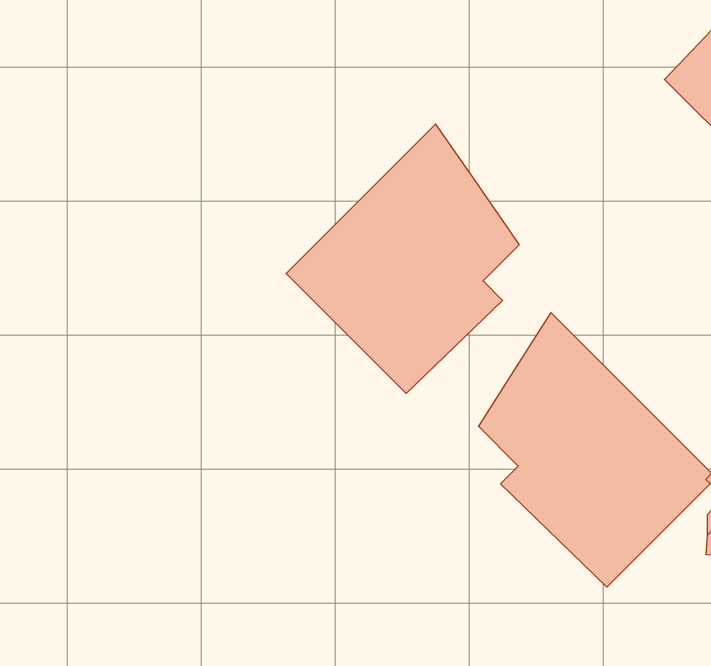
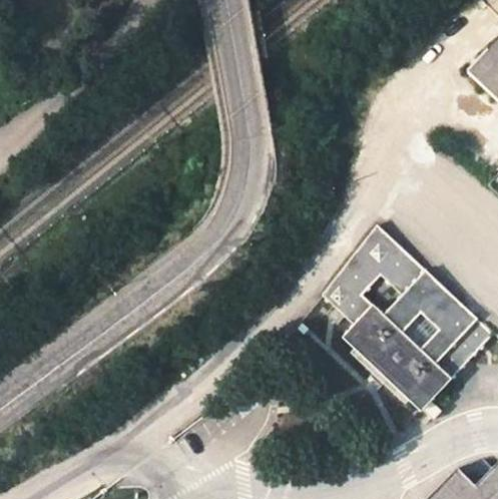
building: [286,124,519,393] -> none

